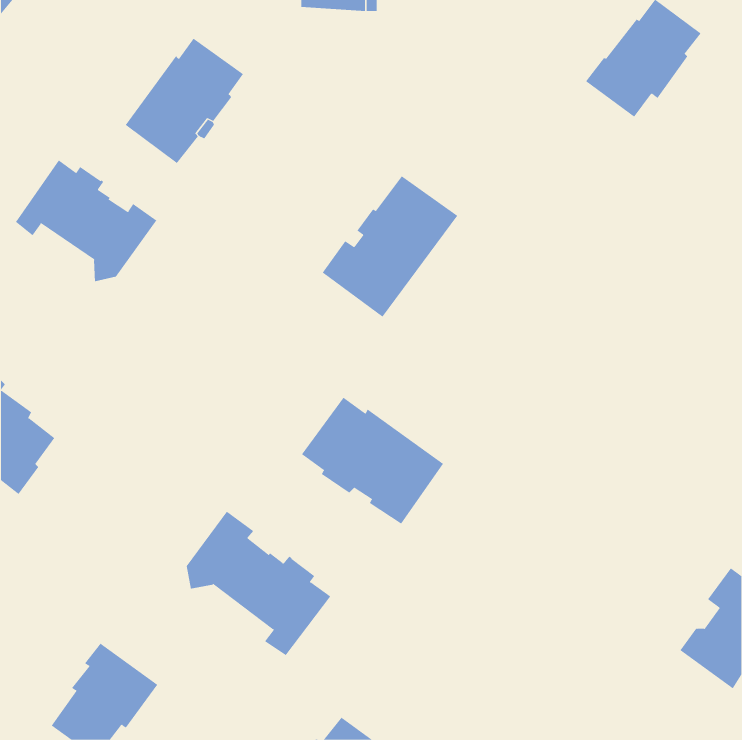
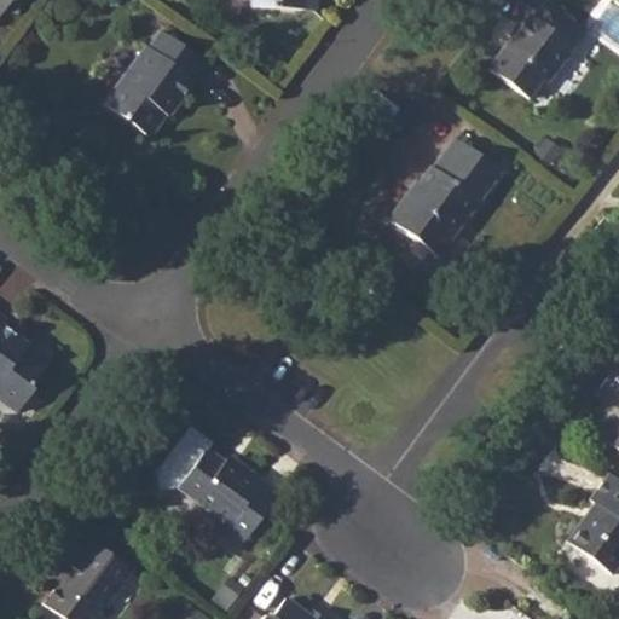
building: [15,160,157,282] -> none
building: [322,175,458,318] -> [387,138,501,256]
building: [301,397,444,525] -> none

